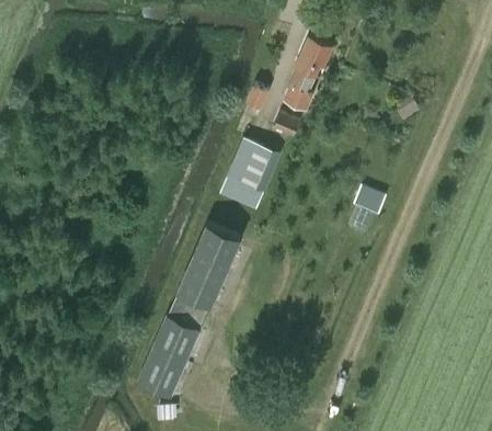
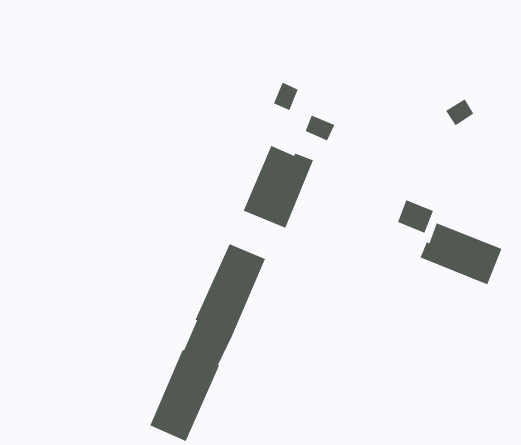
building: [284,35,331,110] -> none
building: none -> [420,223,502,285]

